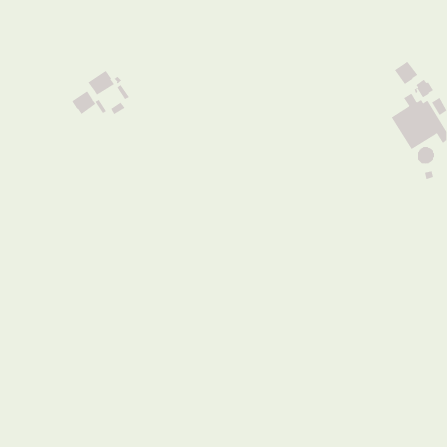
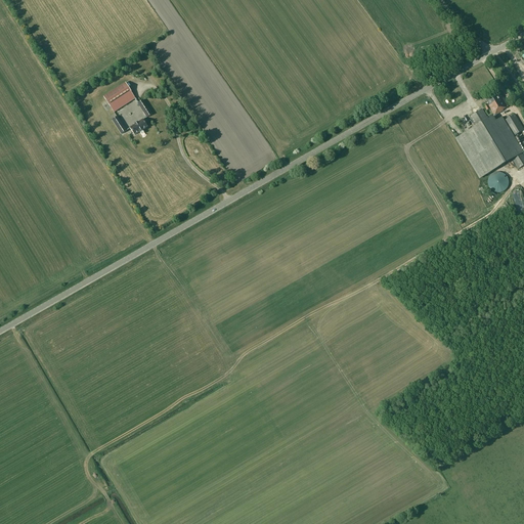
building: [394,61,418,85] -> none
building: [72,91,96,115] -> none

